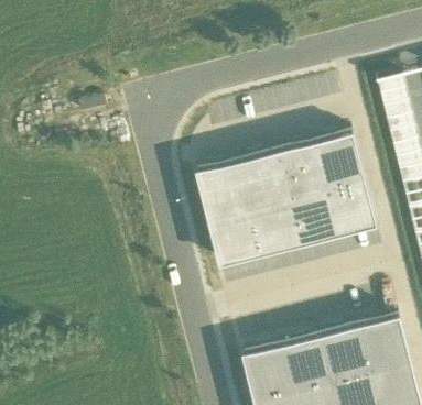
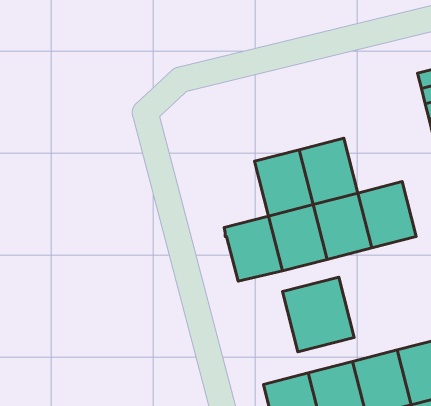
building: [314,132,365,189] -> none
building: [198,162,249,219] -> none
building: none -> [283,277,354,352]

